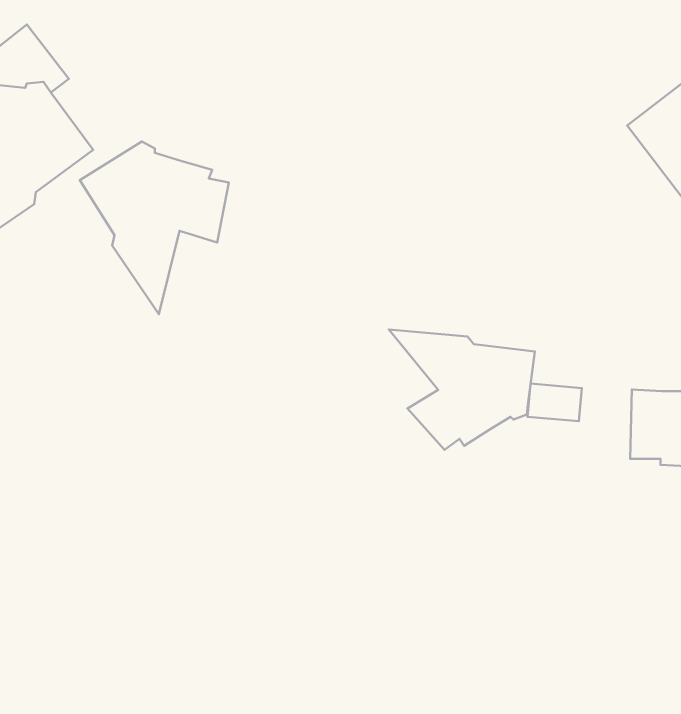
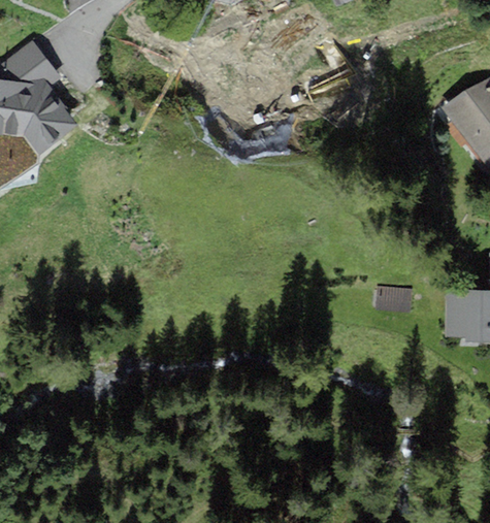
building: [80,141,229,314] -> none
building: [389,330,535,450] -> none

